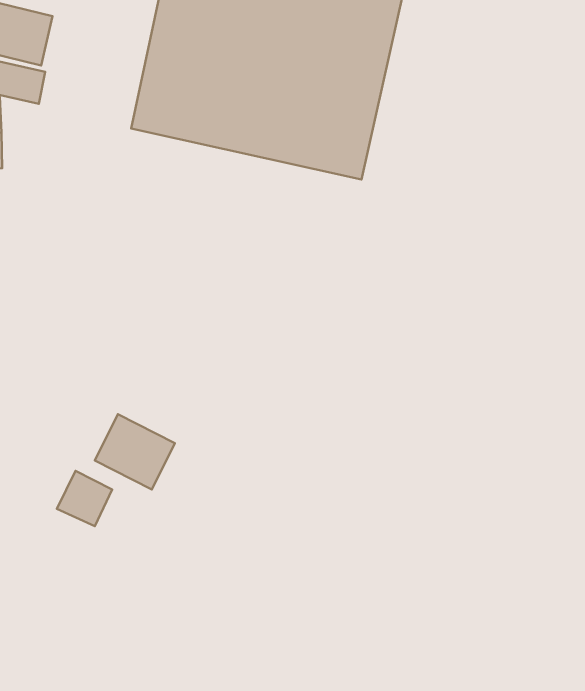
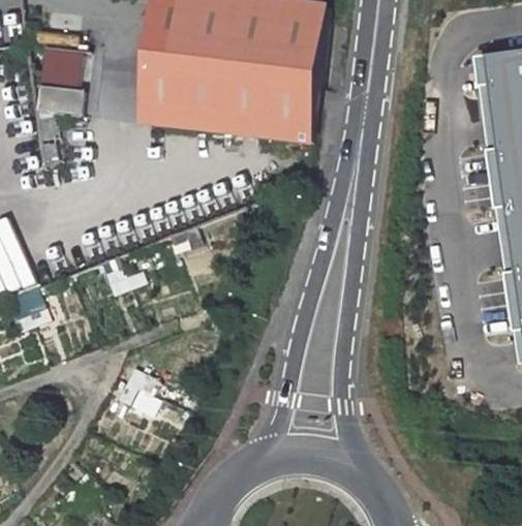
building: [95,414,175,489] -> none

